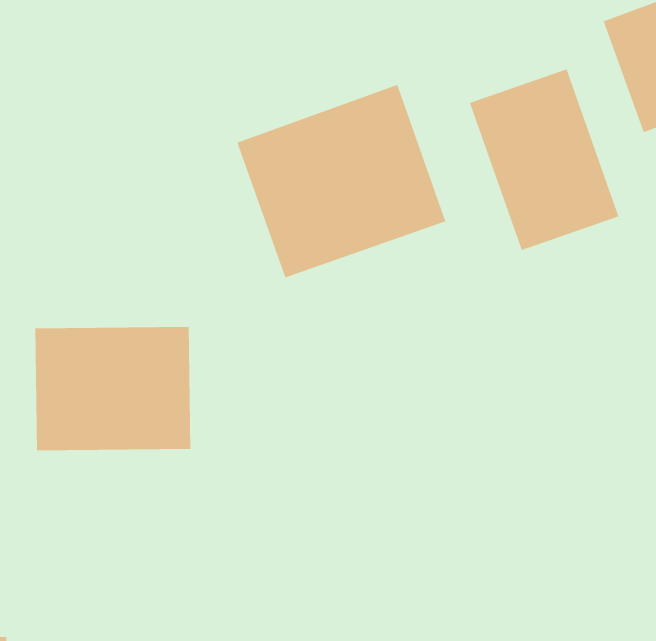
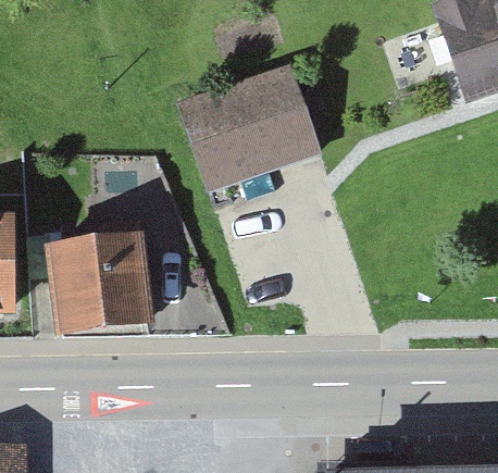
building: [469,69,619,251] -> none

